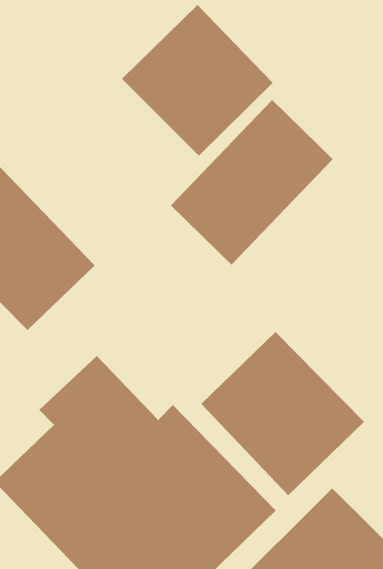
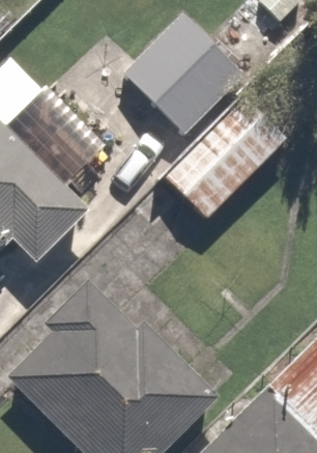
building: [200,331,365,496] -> none

